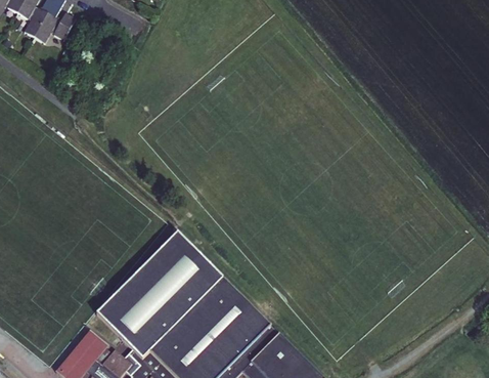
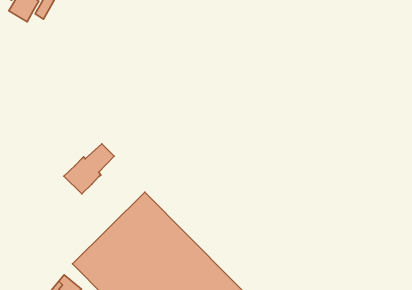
building: none -> [64,144,114,194]

